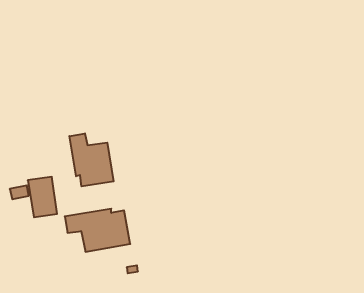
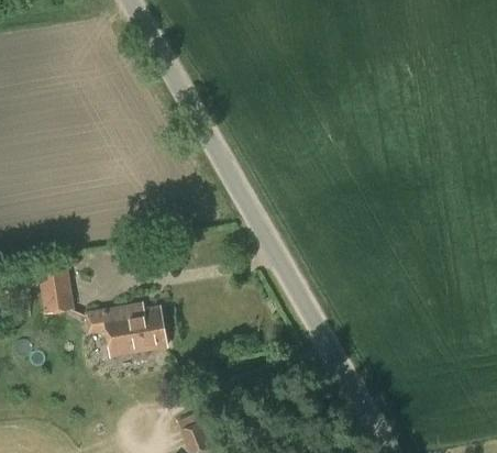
building: [69,133,114,186] -> none

